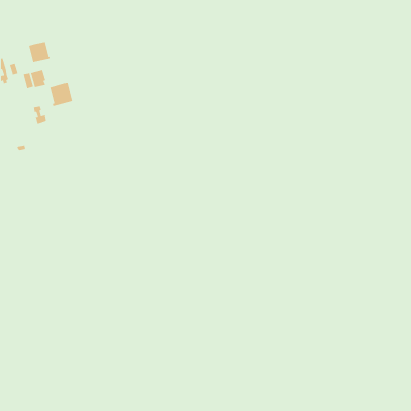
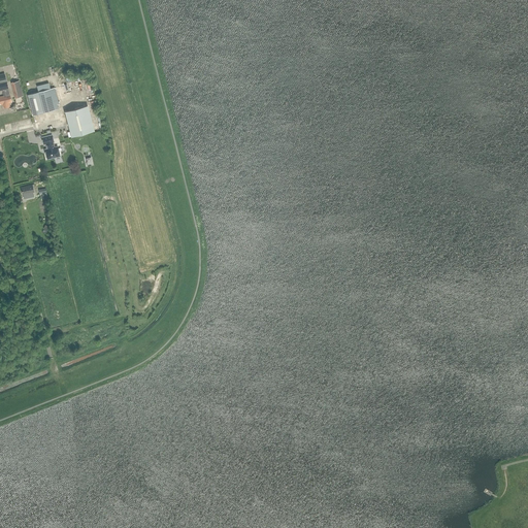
building: [28,42,51,63] -> none

